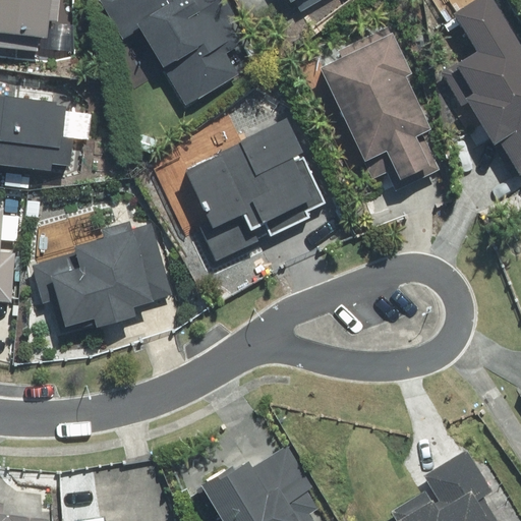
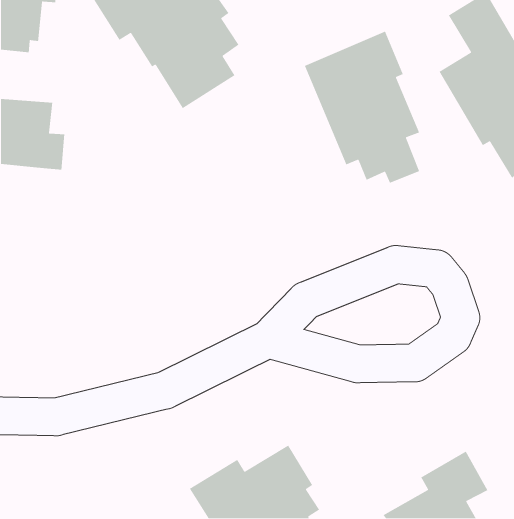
building: [186,118,326,260] -> none
building: [32,219,178,330] -> none

